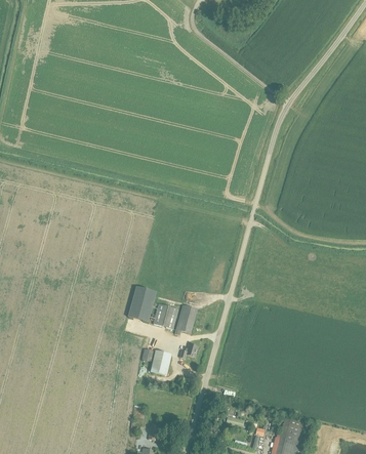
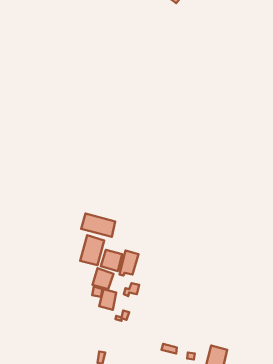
building: none -> [81,214,115,237]
building: none -> [93,268,113,289]

